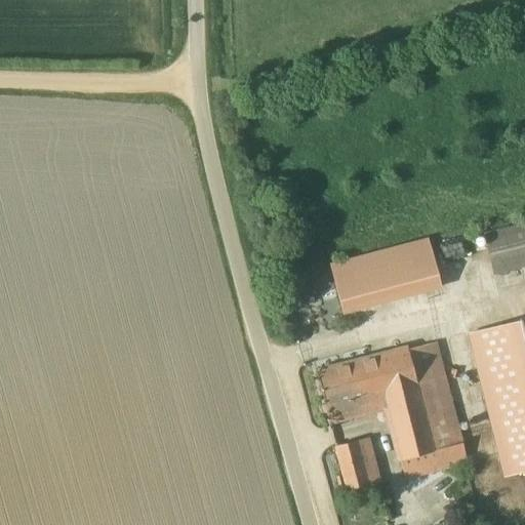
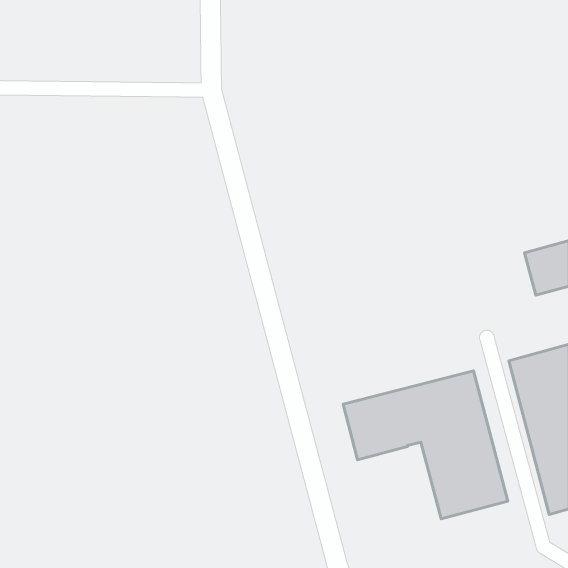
building: [325,238,438,311] -> none
building: [336,441,375,502] -> none

